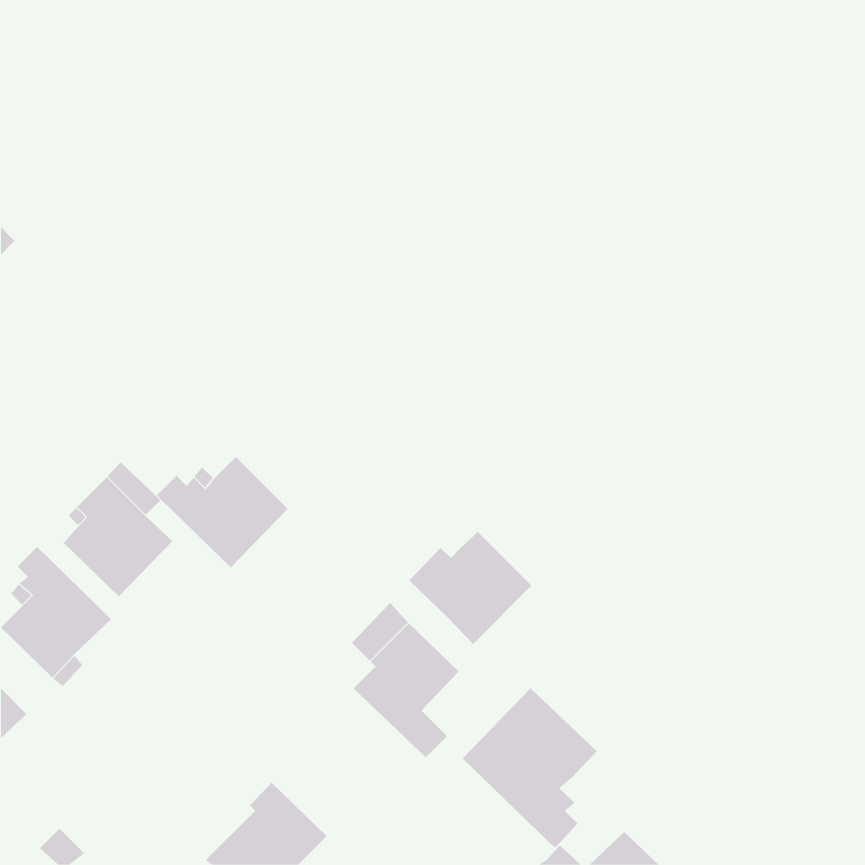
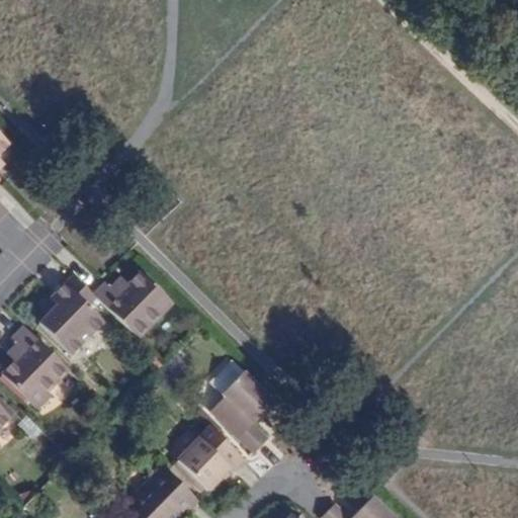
building: [408,531,532,645] -> none
building: [462,688,598,849] -> none
building: none -> [175,435,246,488]

